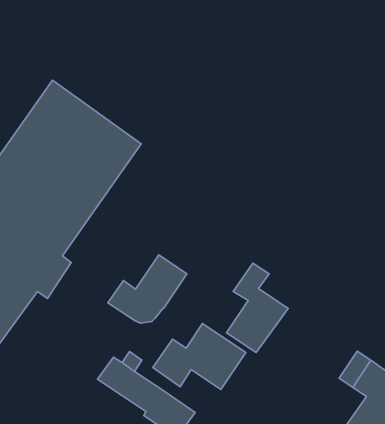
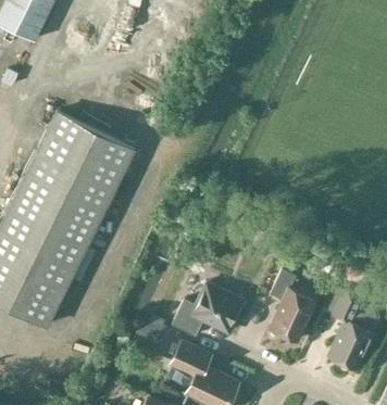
building: [108,255,187,323] -> none
building: [227,263,288,353] -> [270,271,315,342]

